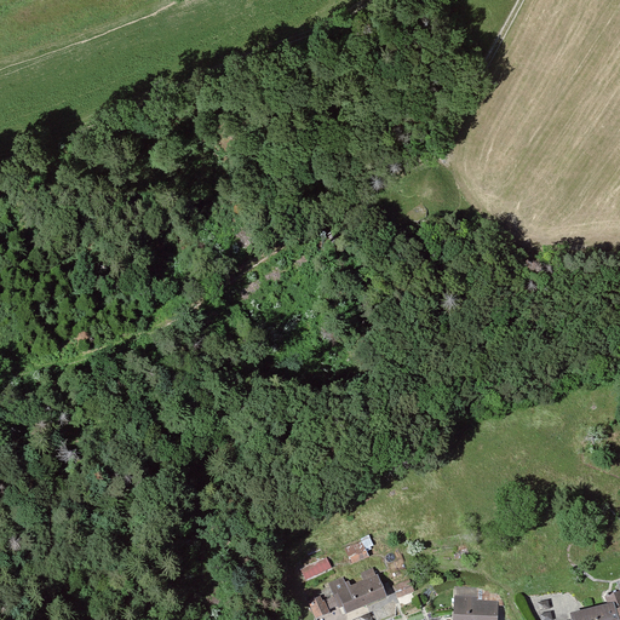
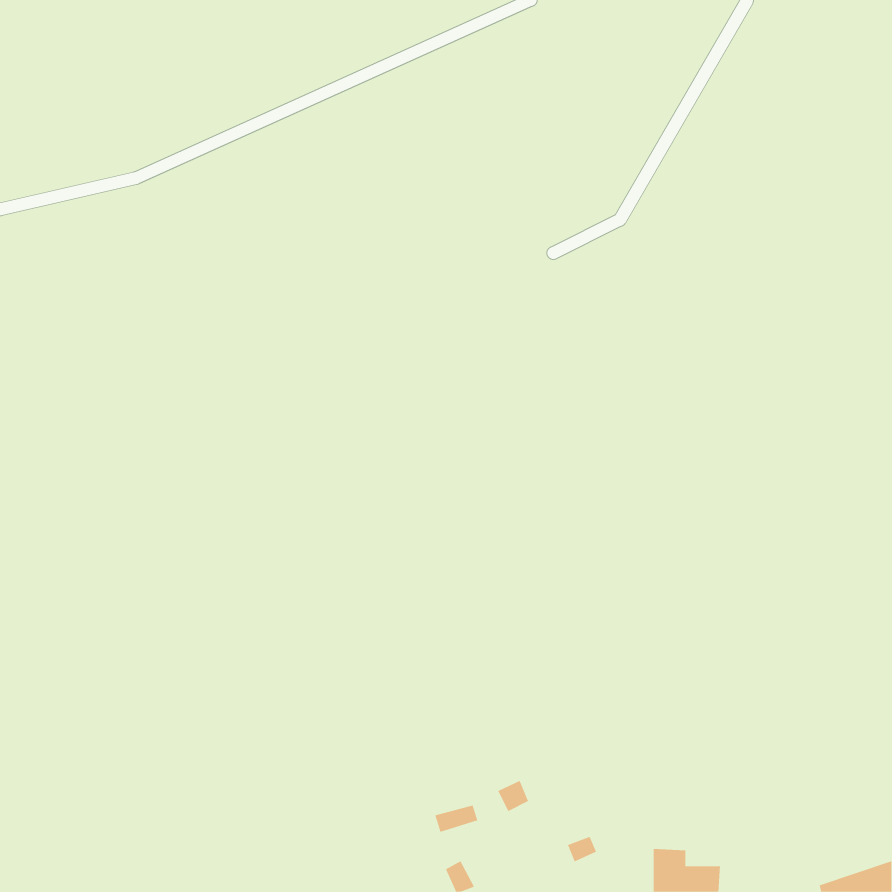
building: [329,576,385,613] -> none

